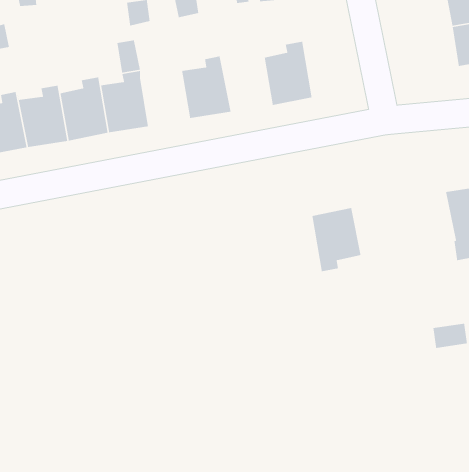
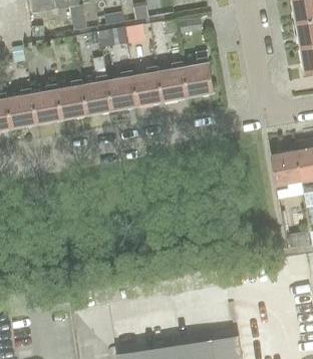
building: none -> [155,61,188,101]
building: none -> [106,70,136,110]
building: [311,207,362,272] -> [270,150,301,191]

